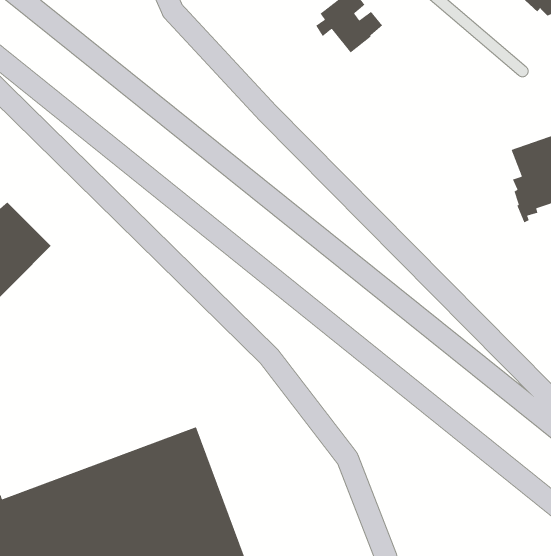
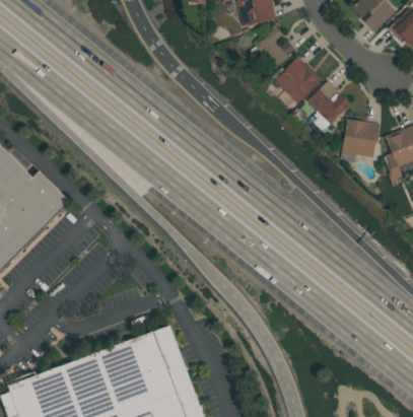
building: none -> [272,57,322,106]
building: none -> [306,81,351,129]
building: none -> [340,119,380,162]

